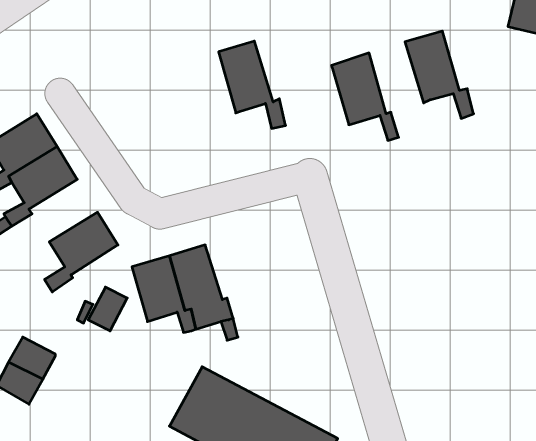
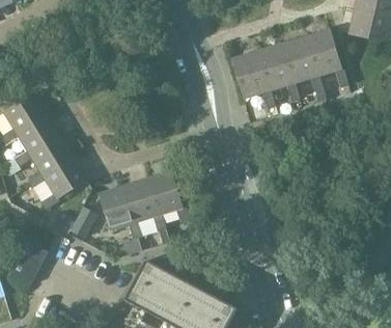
building: none -> [305,29,348,87]
building: [219,41,286,128] -> [256,44,301,102]
building: none -> [27,135,76,188]
building: none -> [147,171,191,224]

